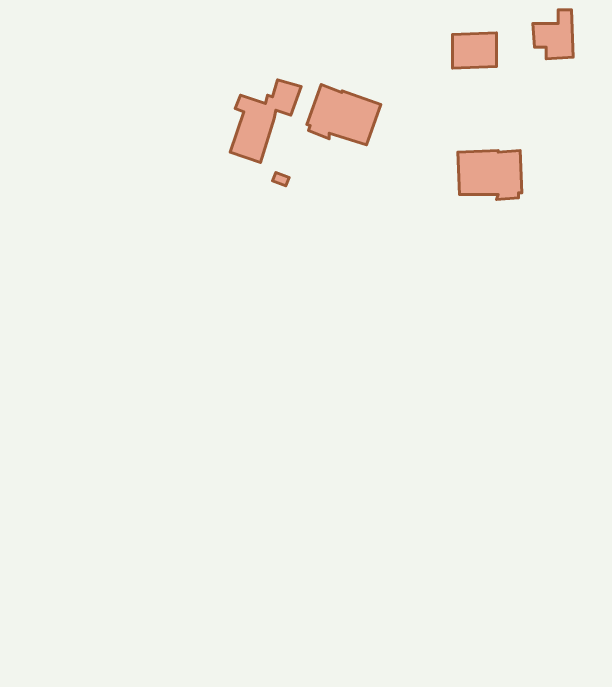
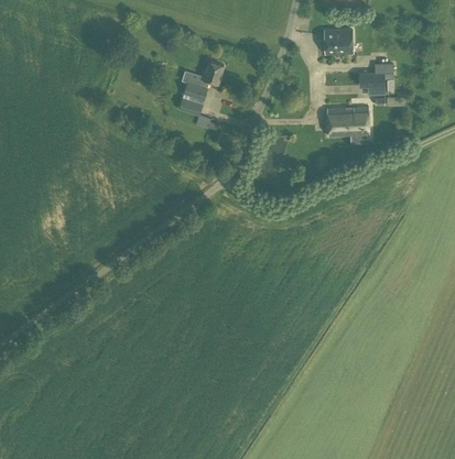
building: [533,10,573,59] -> [358,62,384,94]
building: [307,84,381,145] -> none

